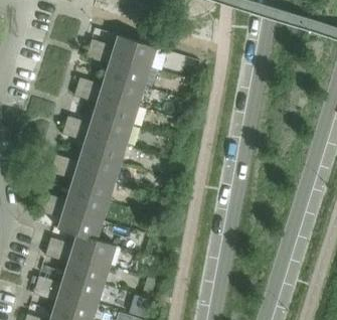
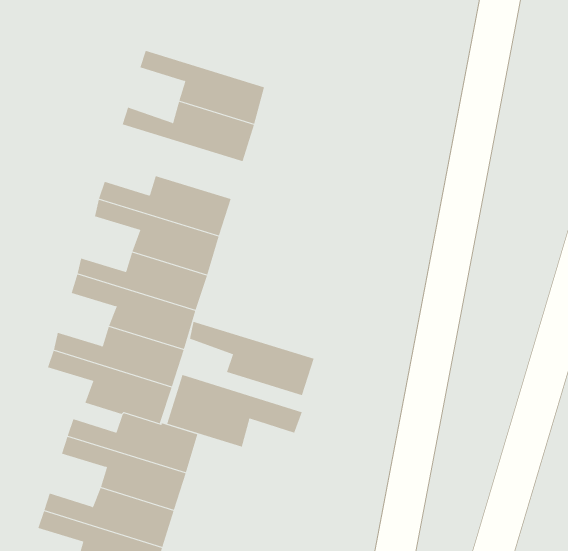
building: [89,36,157,68] -> none
building: [74,88,139,126] -> [189,321,314,396]
building: none -> [166,374,303,448]

